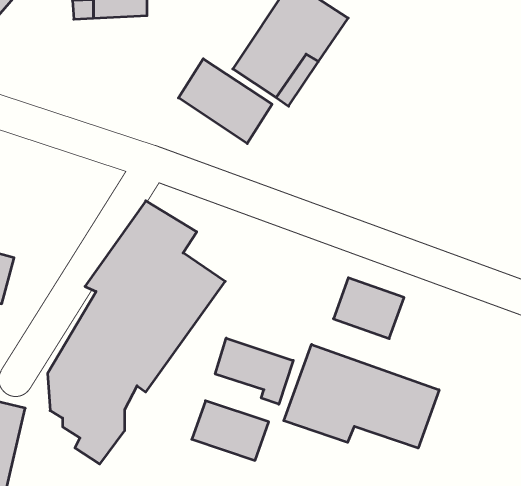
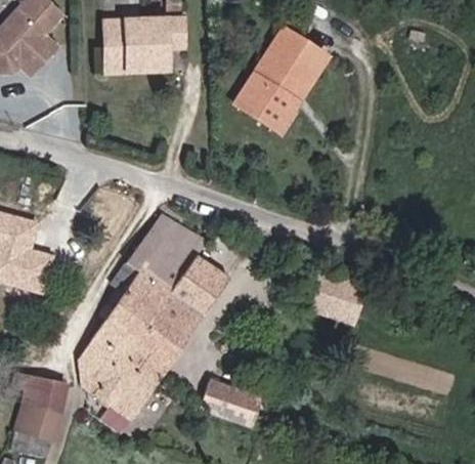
building: [178,59,272,144] -> none
building: [215,338,293,404] -> none
building: [284,344,439,448] -> none

